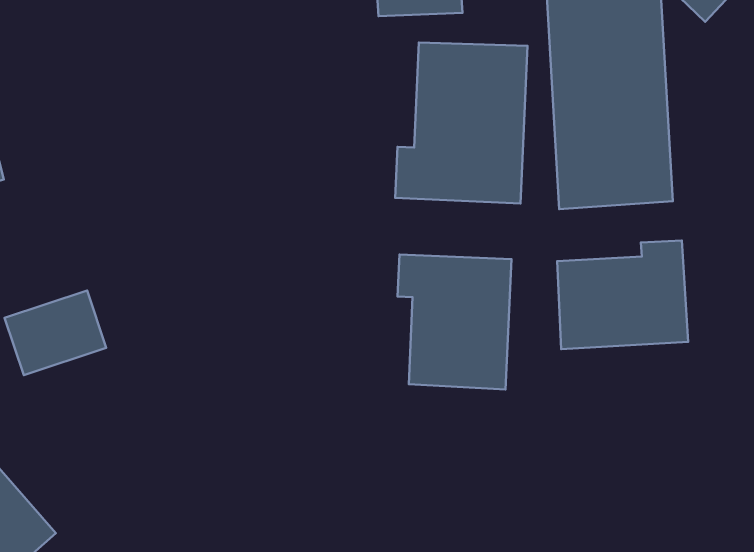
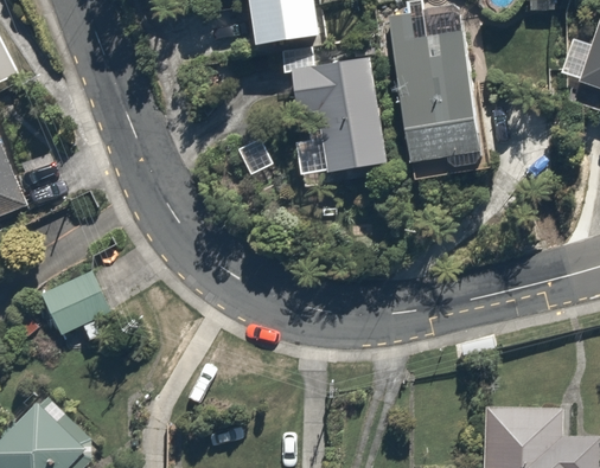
building: [557,240,688,349] -> none
building: [397,254,511,389] -> none

